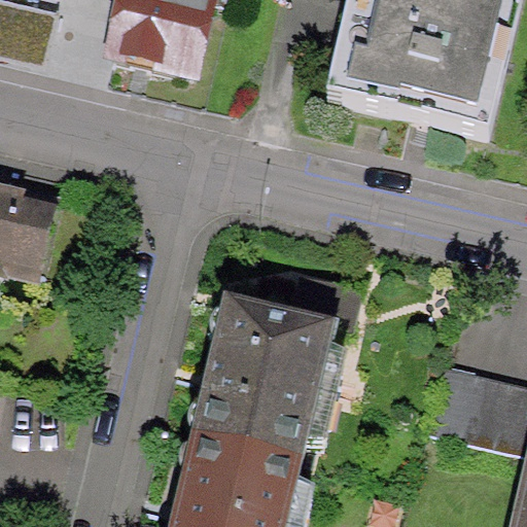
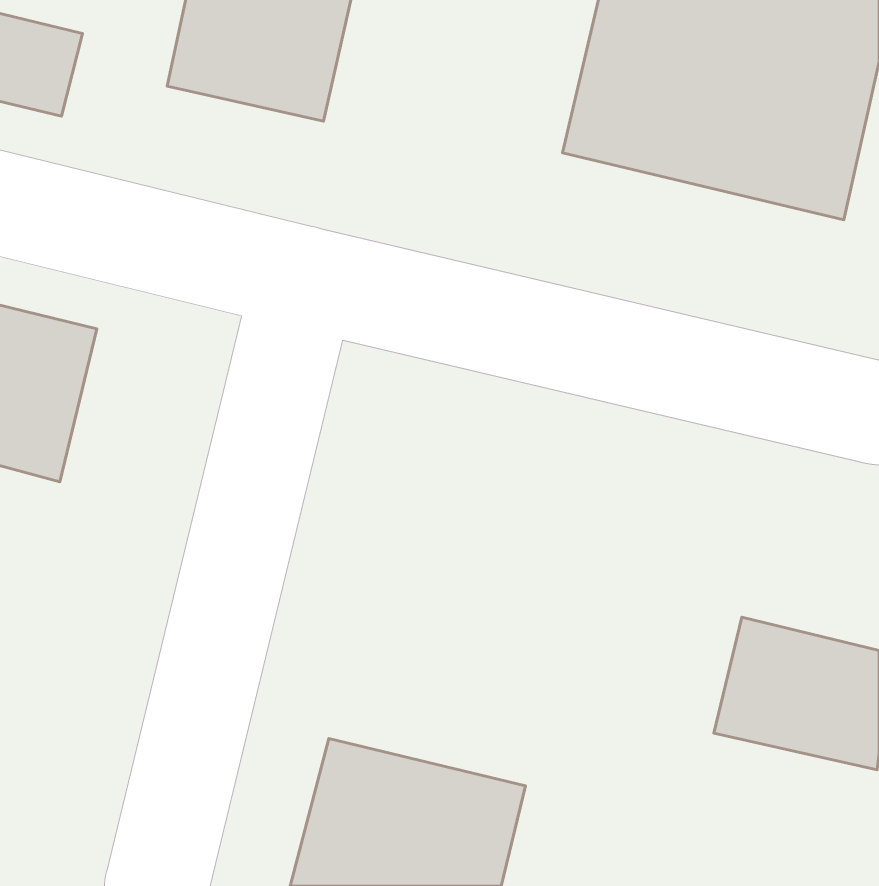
building: [192,293,340,460] -> none

